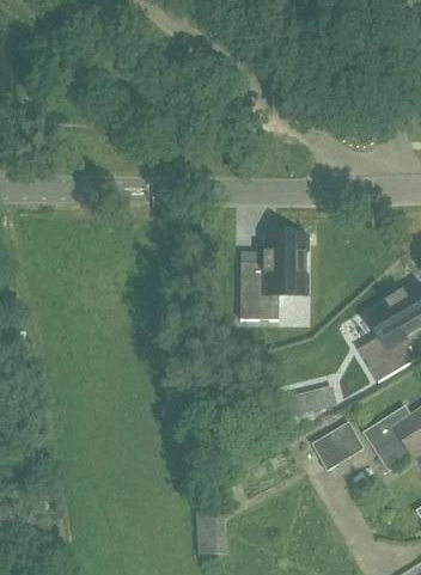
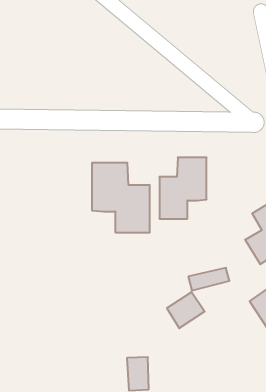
building: none -> [92,163,150,233]
building: [311,421,362,470] -> [167,292,205,328]

